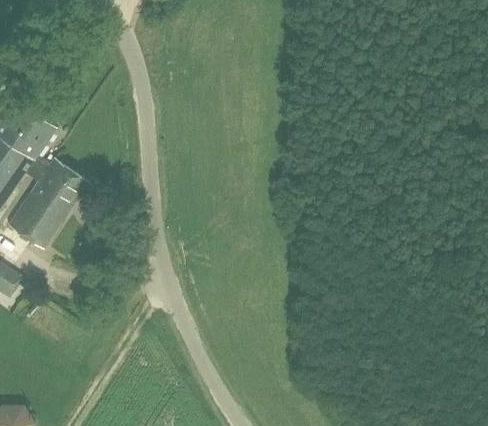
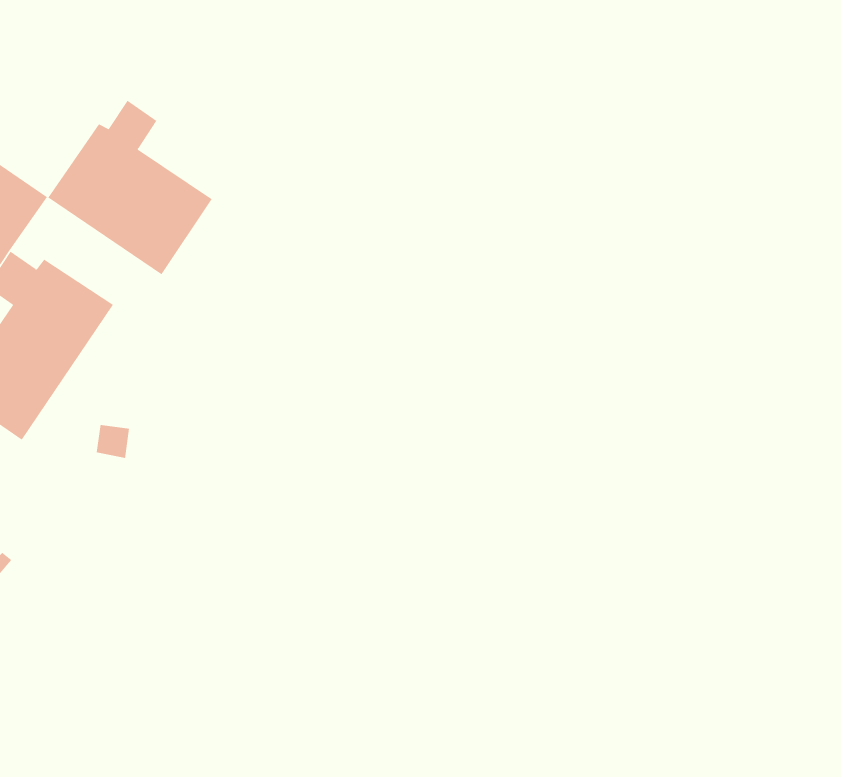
building: none -> [47,100,213,275]

